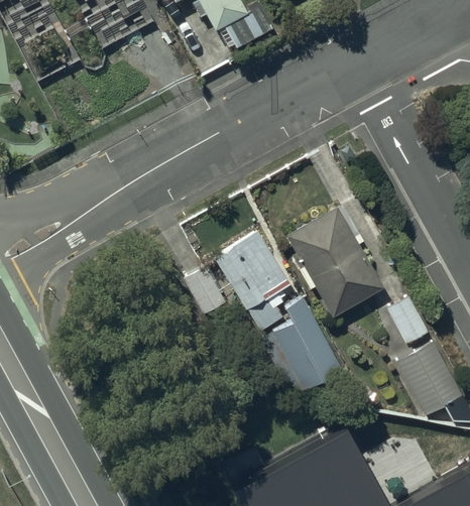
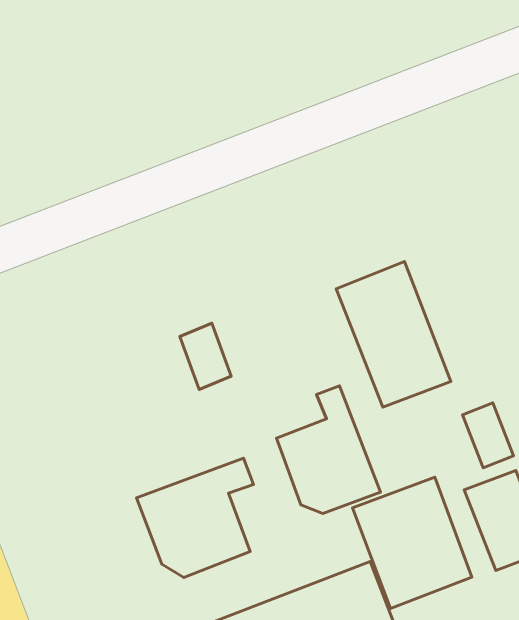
building: [217,236,289,332] -> none
building: none -> [352,477,472,608]
building: none -> [136,458,253,577]

